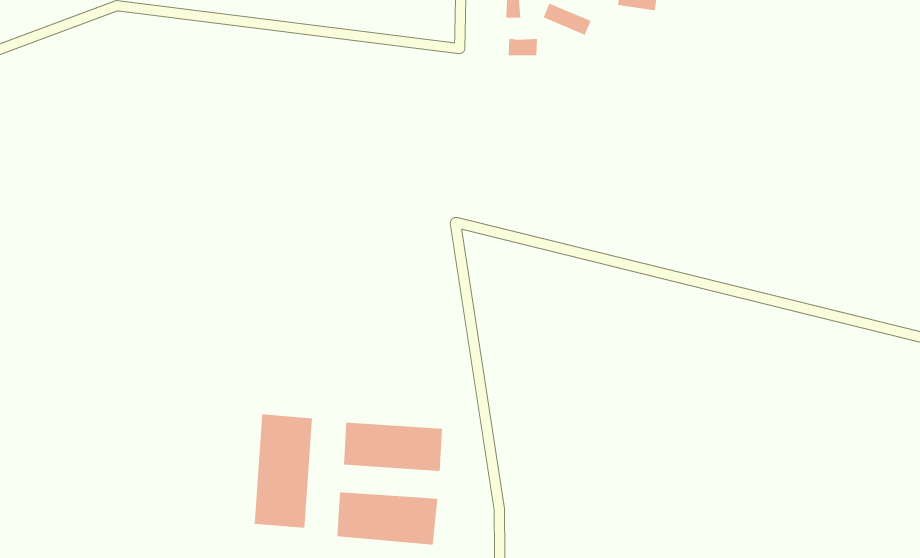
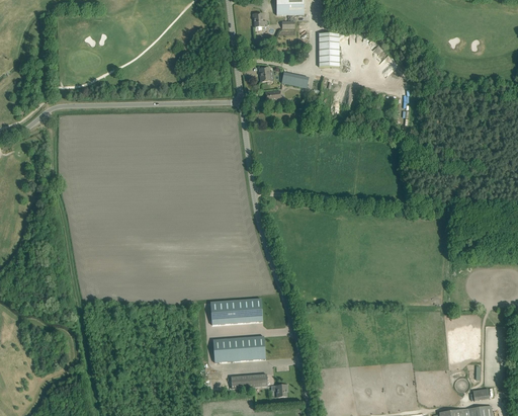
building: [254,414,312,529] -> none

